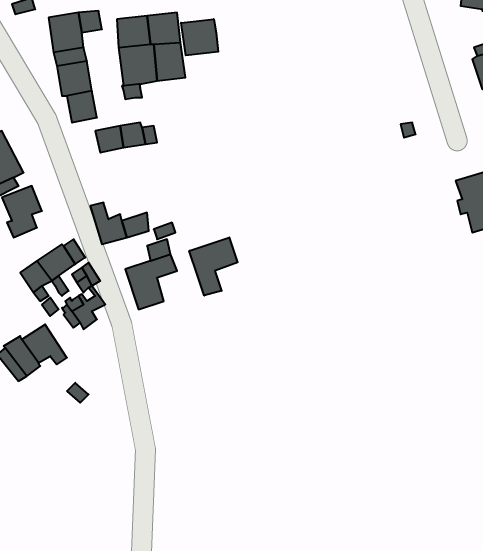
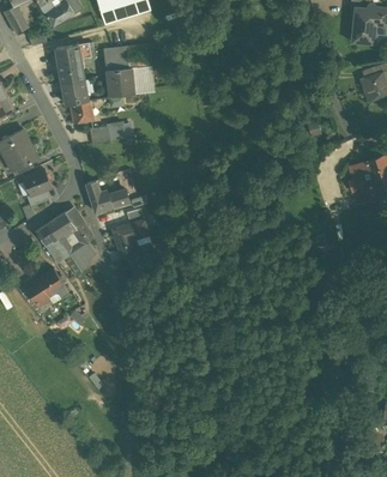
building: [181,19,218,55] -> none
building: [189,237,238,296] -> none

